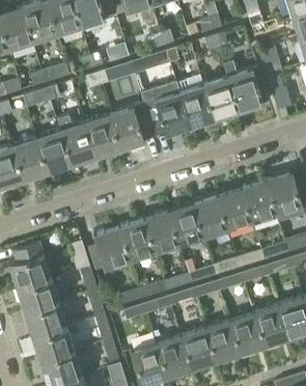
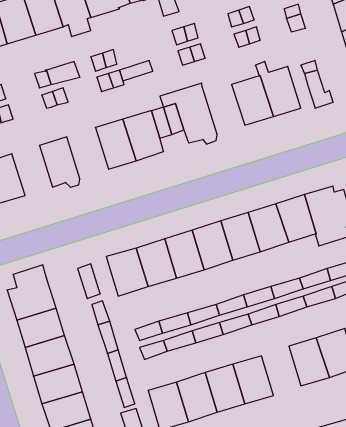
building: [176,77,214,131] -> none
building: [57,117,95,166] -> none
building: [11,137,47,181] -> none
building: [228,311,262,354] -> none

